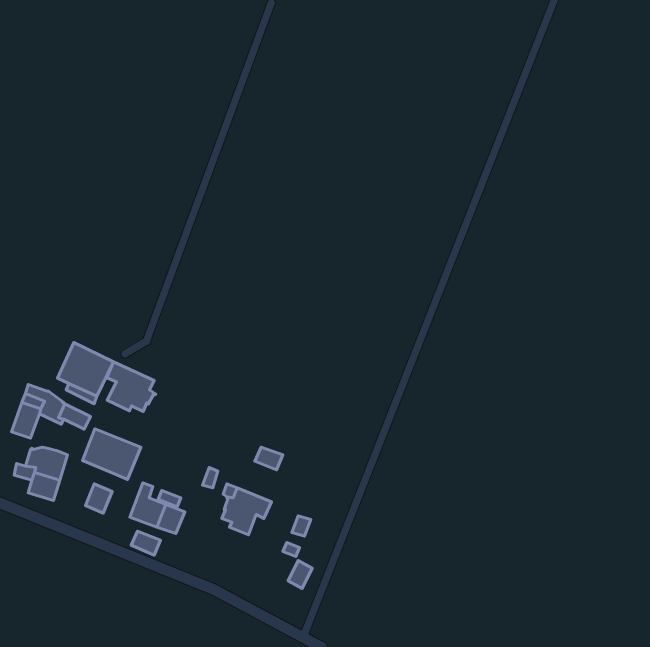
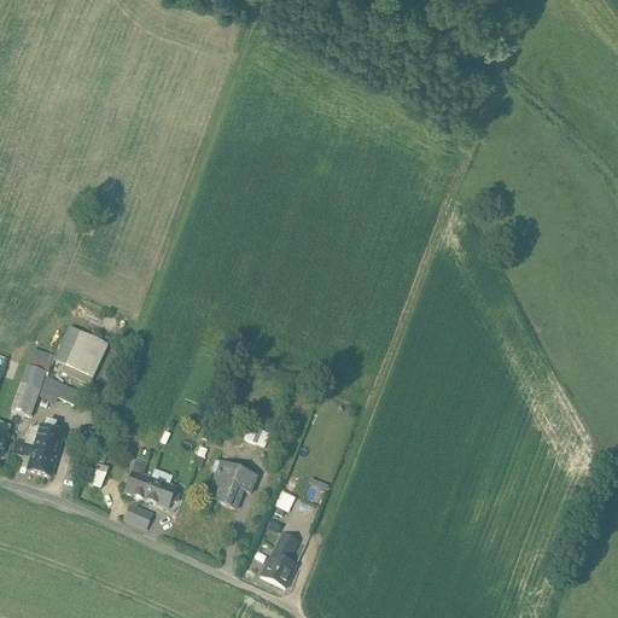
building: [107,362,156,412] -> none
building: [82,429,141,479] -> none
building: none -> [262,550,297,584]

